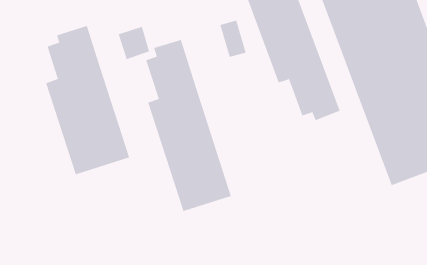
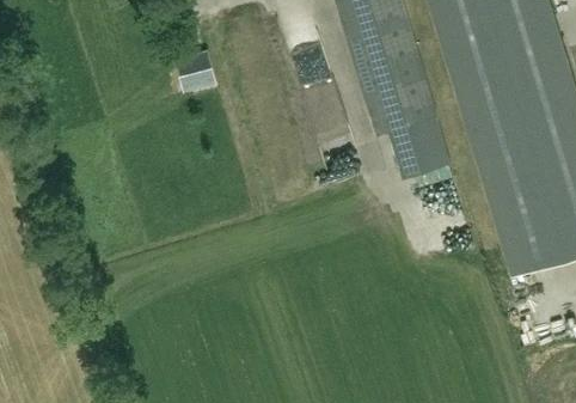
building: [46,25,130,175] -> none
building: [146,39,231,212] -> none

